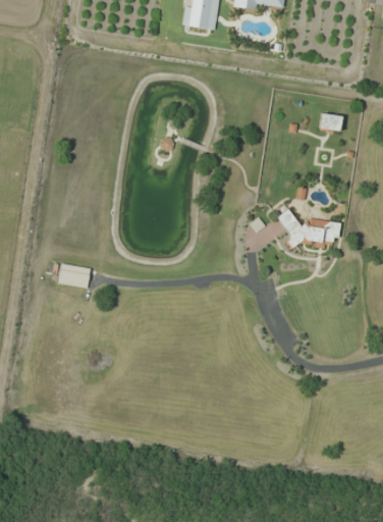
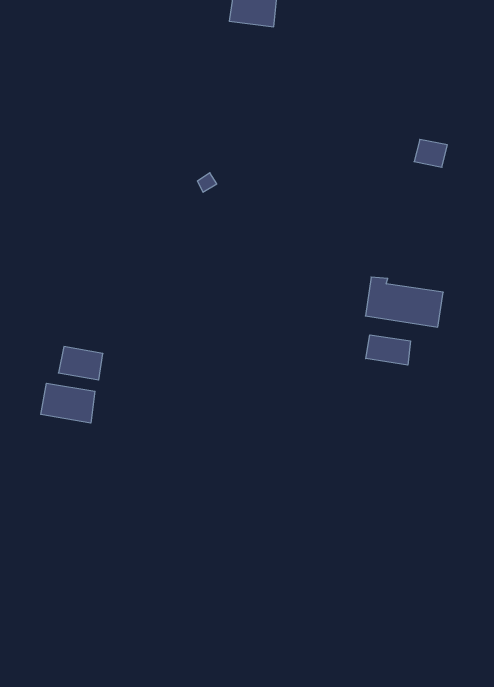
building: none -> [366,335,410,365]
building: none -> [41,383,95,423]

